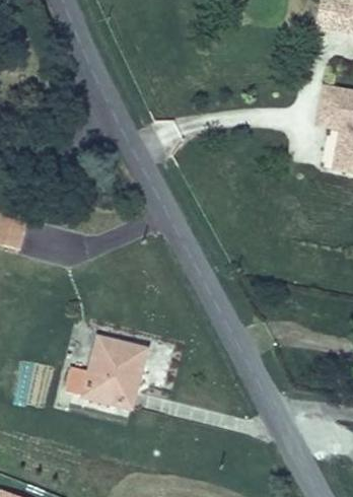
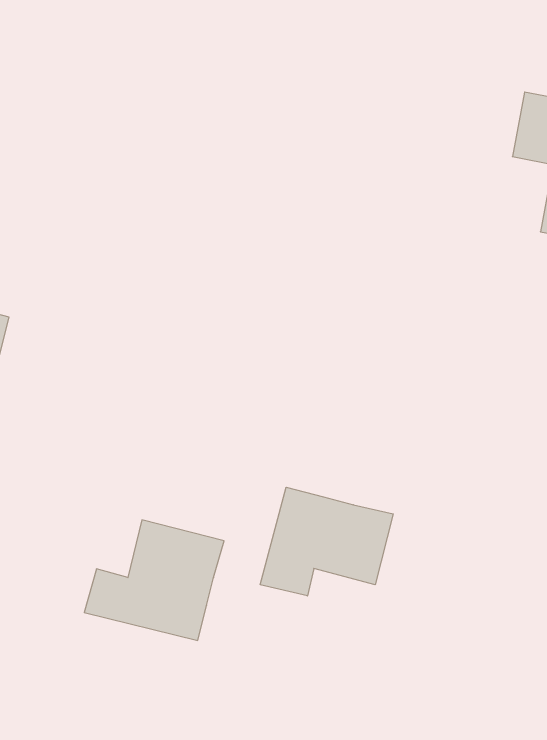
building: none -> [260,487,393,596]

